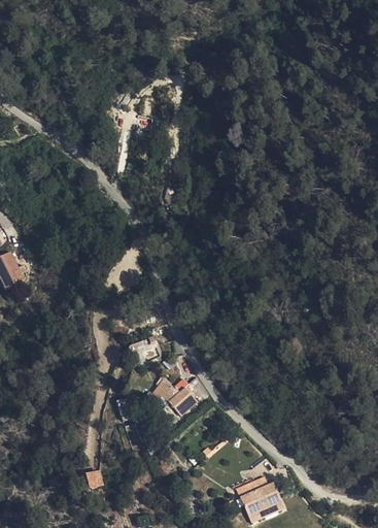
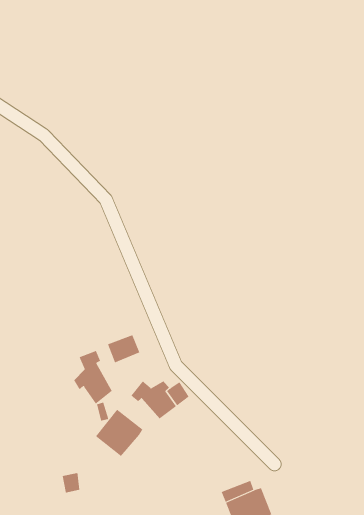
building: none -> [74,350,113,404]
building: none -> [95,409,143,457]

